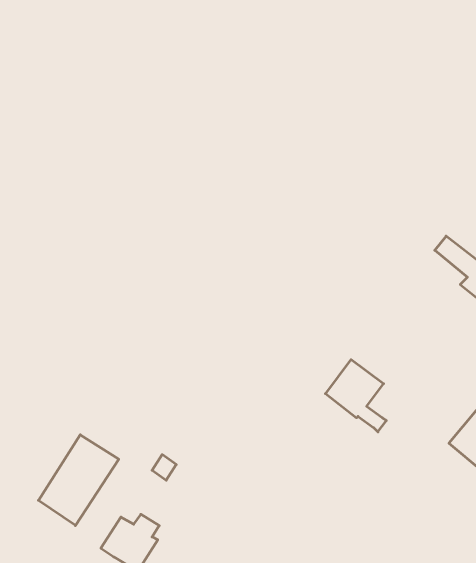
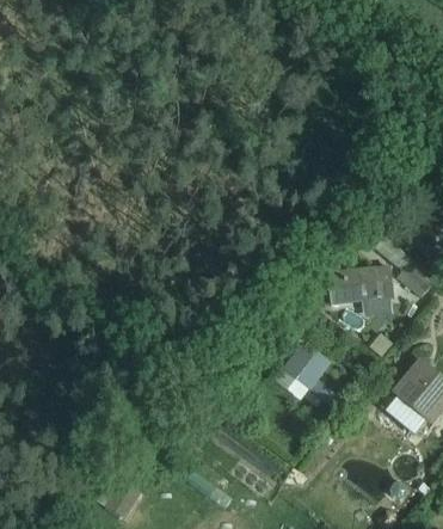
building: none -> [324,264,392,314]
building: [38,435,119,526] -> none

